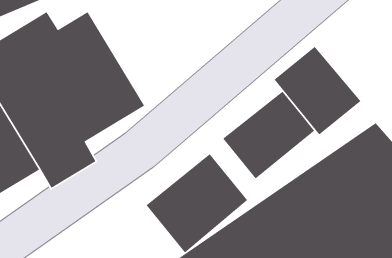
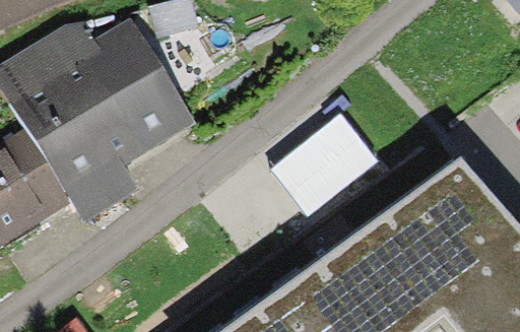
building: [274,46,361,136] -> none
building: [146,153,248,253] -> none

